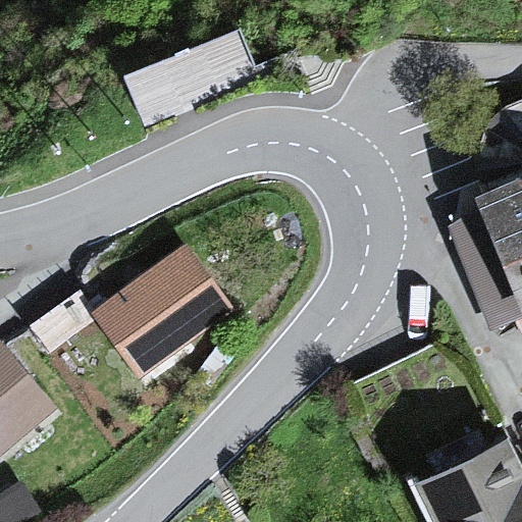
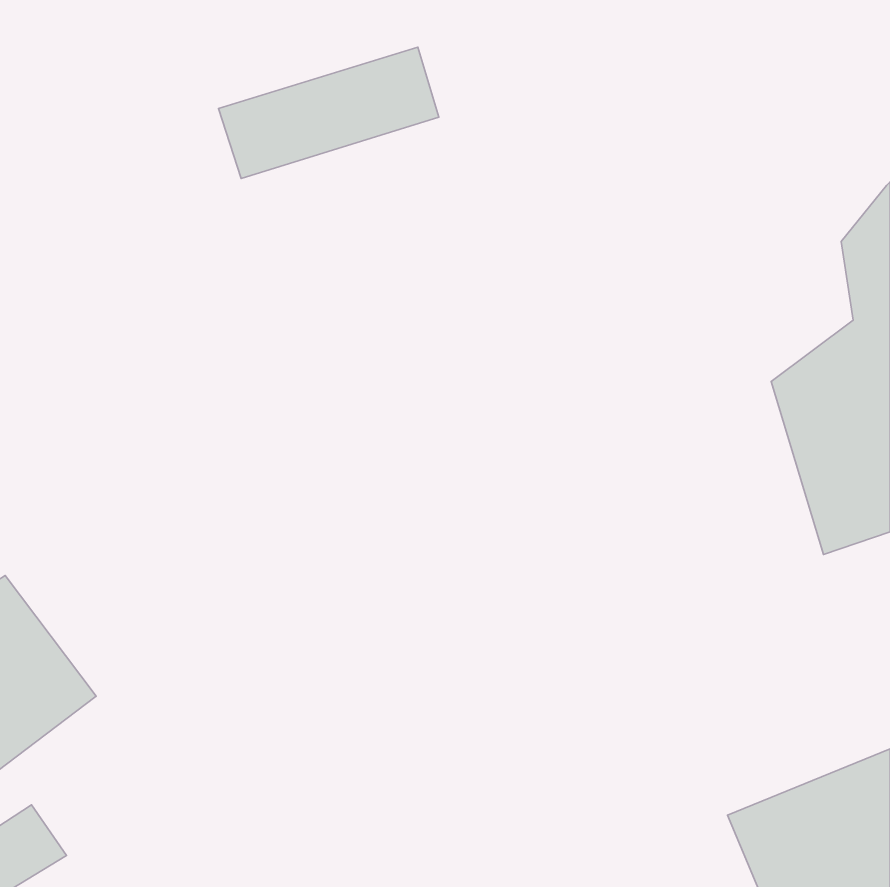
building: [97,248,233,374] -> none

